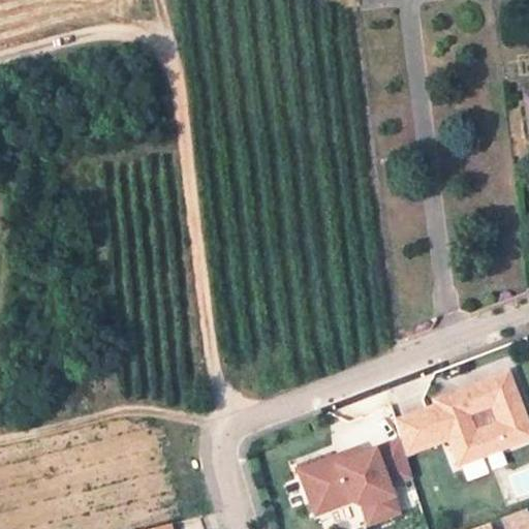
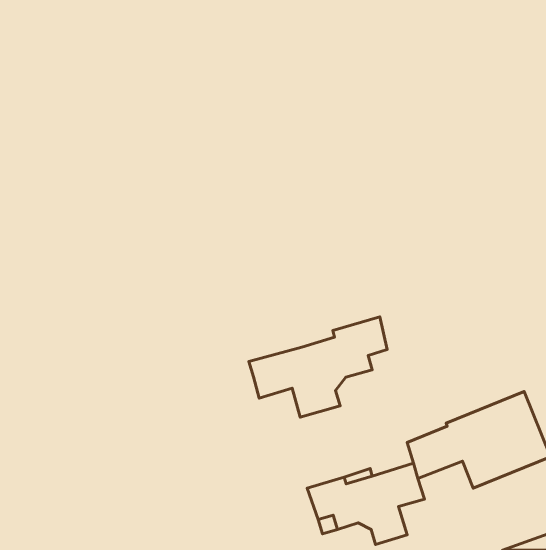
building: none -> [249,317,387,417]

